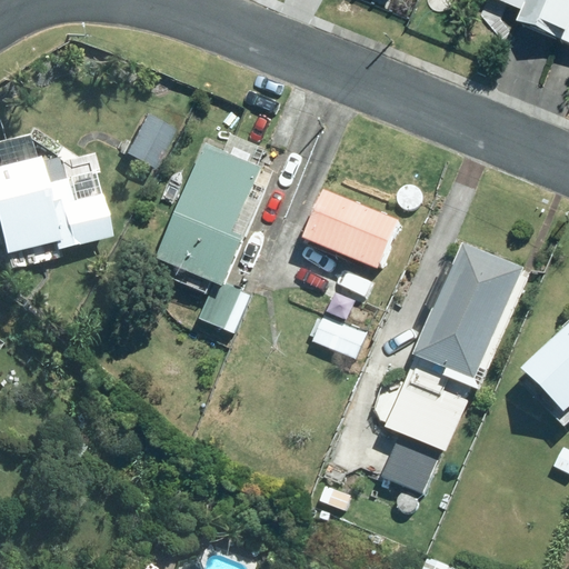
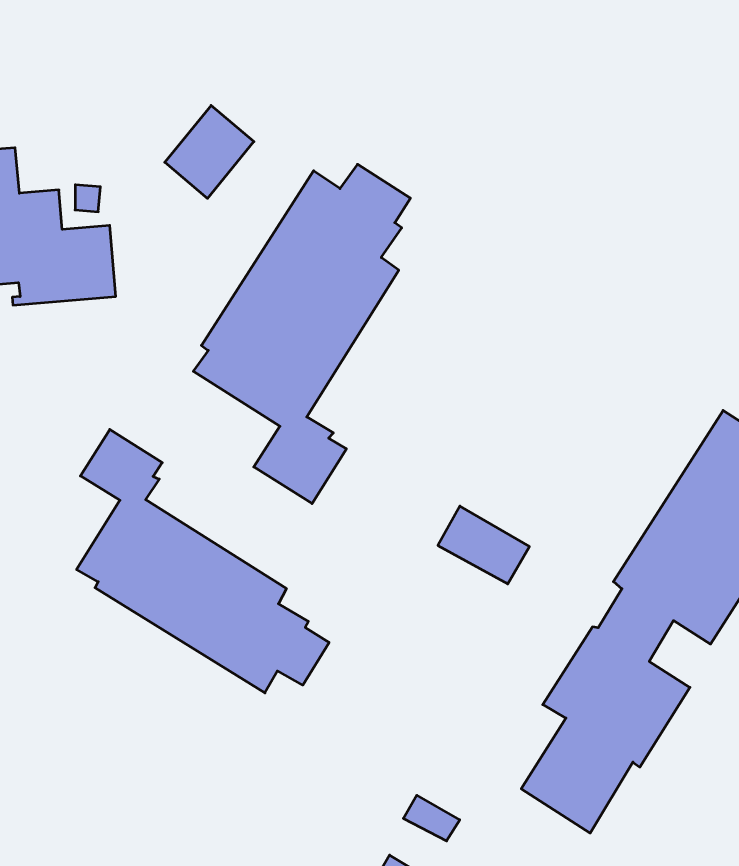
building: [303,187,399,267] -> none
building: none -> [77,429,329,693]

